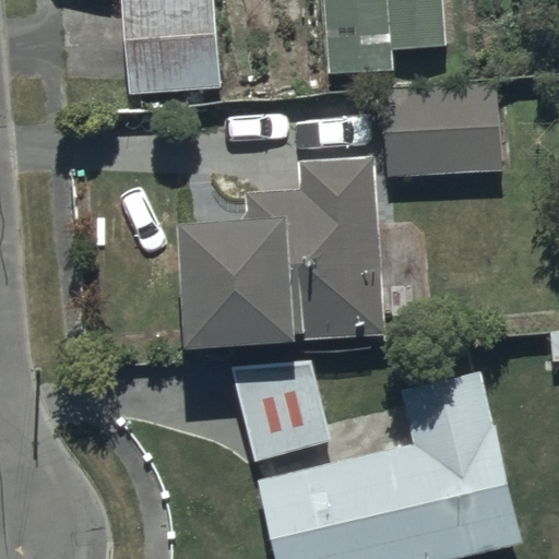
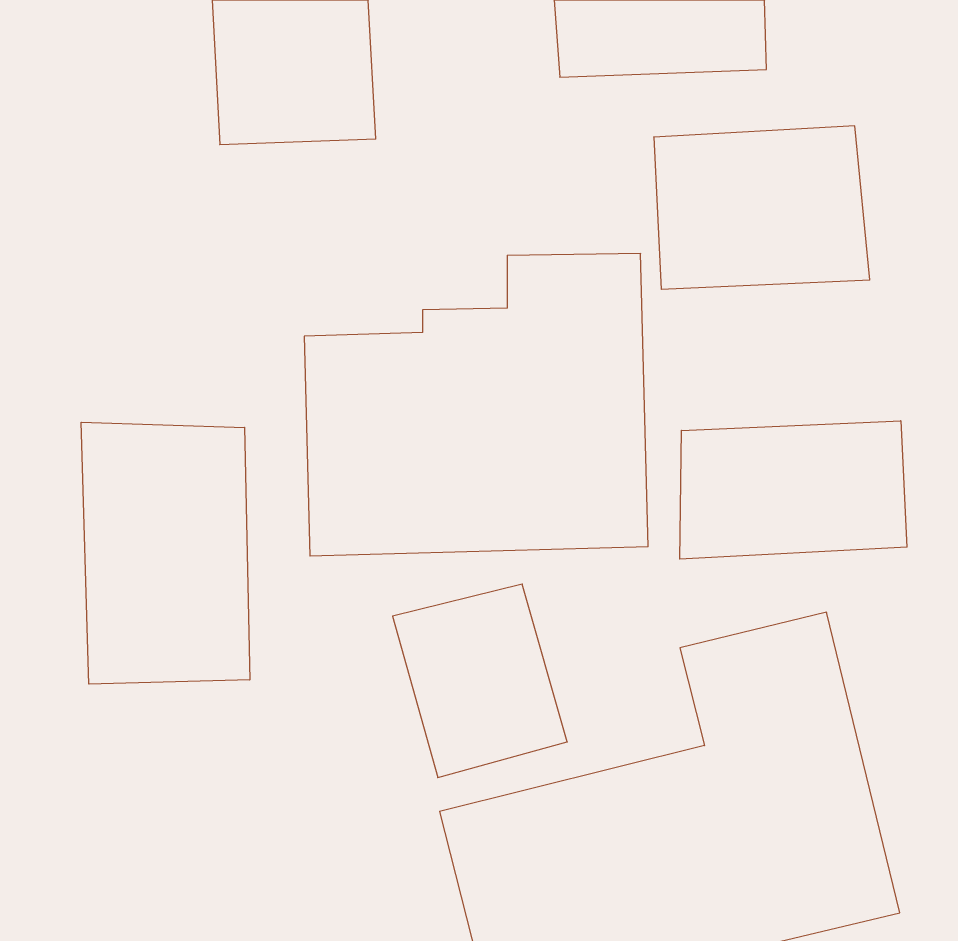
building: none -> [680,421,907,559]
building: none -> [81,422,250,684]

